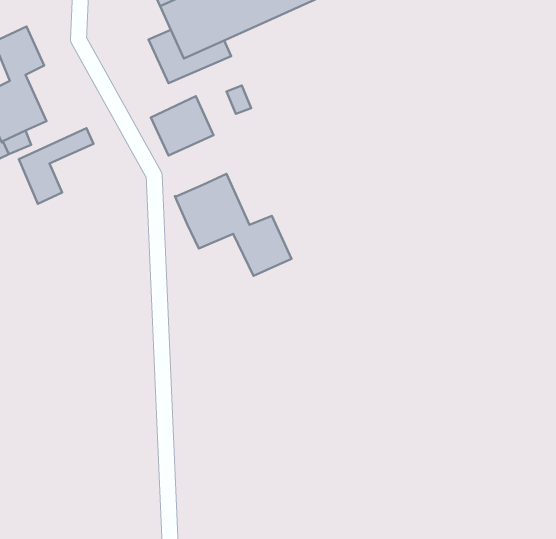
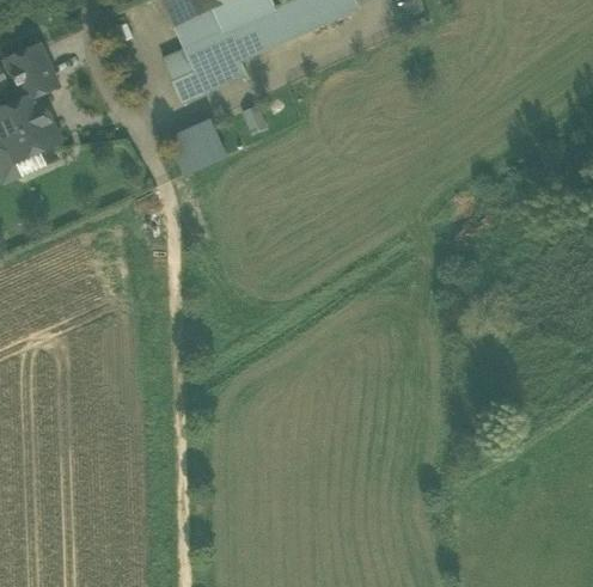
building: [19,128,93,204] -> none
building: [175,174,291,276] -> none

